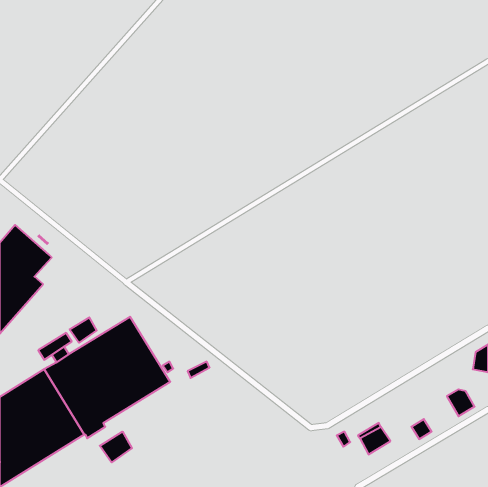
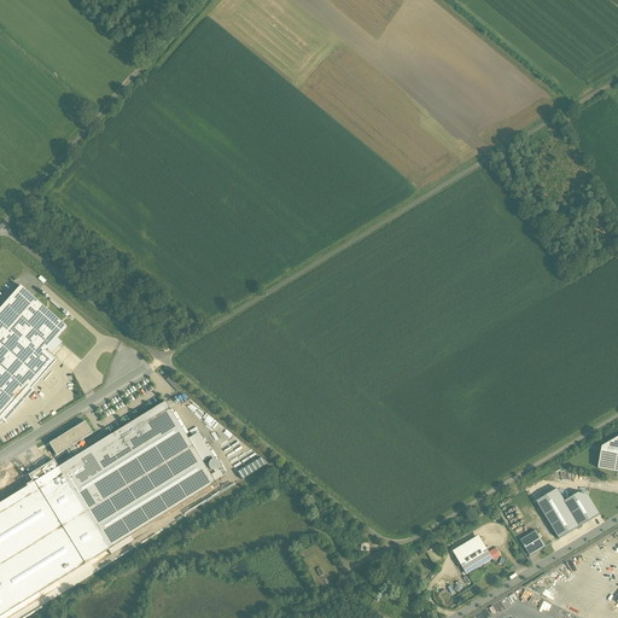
building: [70,317,97,343] -> none
building: none -> [536,486,578,537]
building: [100,432,132,462] -> none

